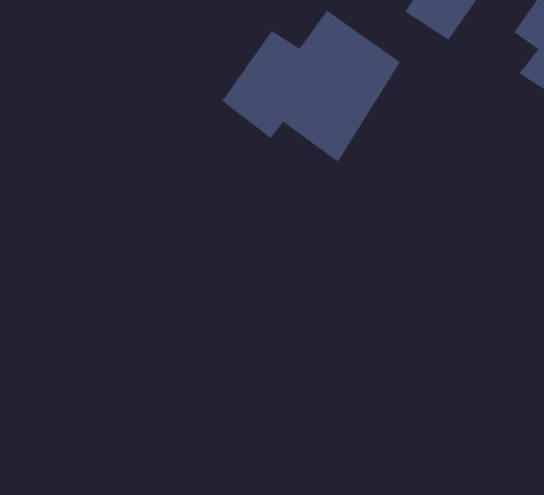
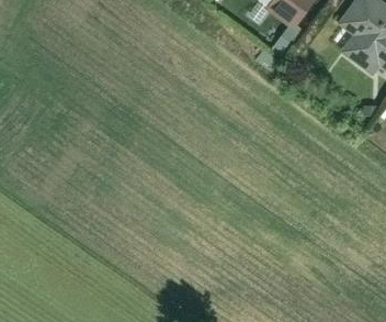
building: [221,10,401,162] -> none

